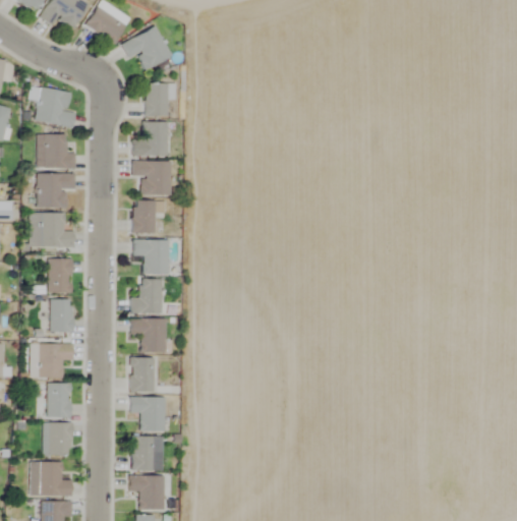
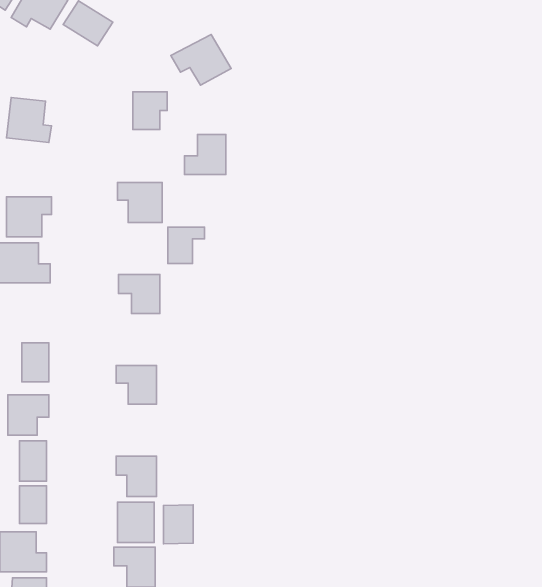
building: [121,25,173,69] -> [171,34,231,85]
building: [132,121,168,156] -> [184,134,226,175]
building: [45,133,75,168] -> none
building: [133,201,165,233] -> [168,227,204,264]
building: [48,258,71,293] -> none
building: [131,279,163,313] -> none
building: [130,357,155,392] -> none
building: none -> [163,505,193,544]

